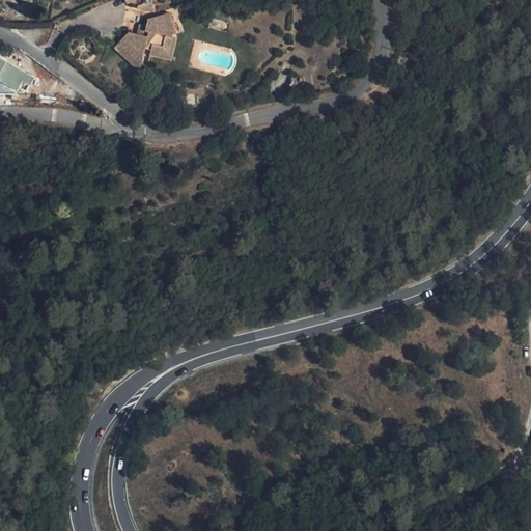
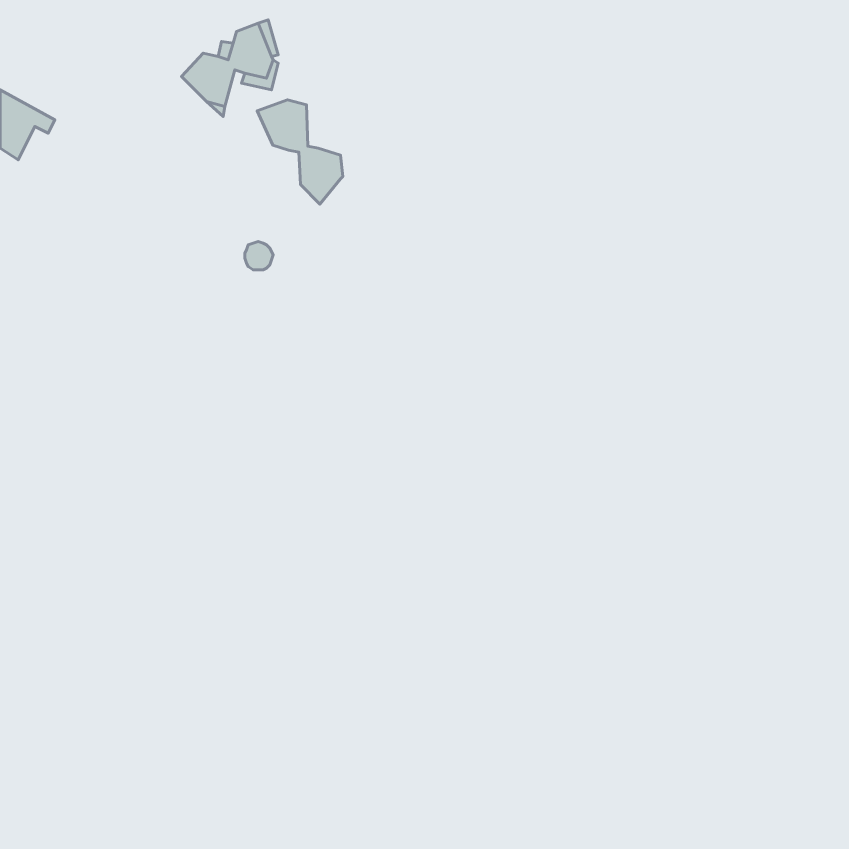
building: none -> [257,100,343,204]

